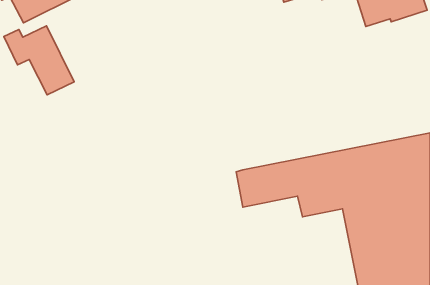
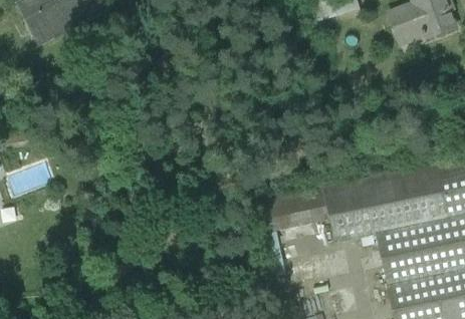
building: [4,26,74,95] -> none

